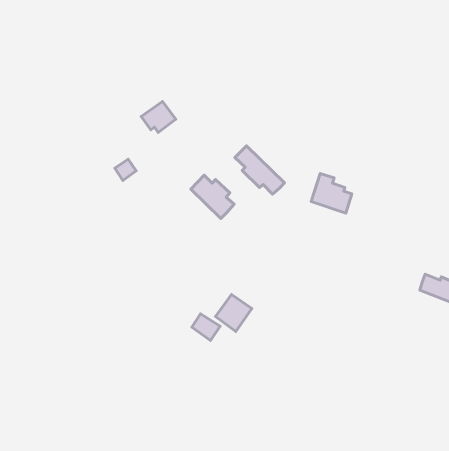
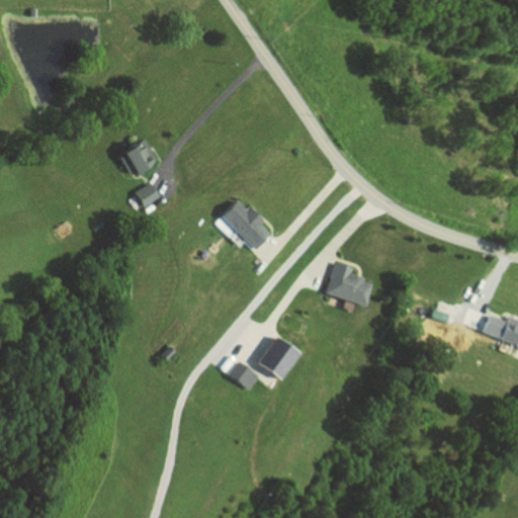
building: [141,101,176,132] -> [118,141,158,176]
building: [235,146,284,194] -> none
building: [311,173,352,213] -> [328,262,374,308]

